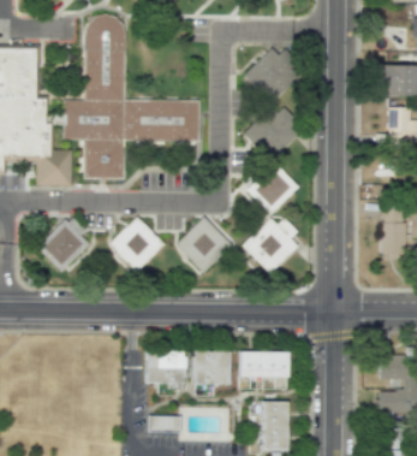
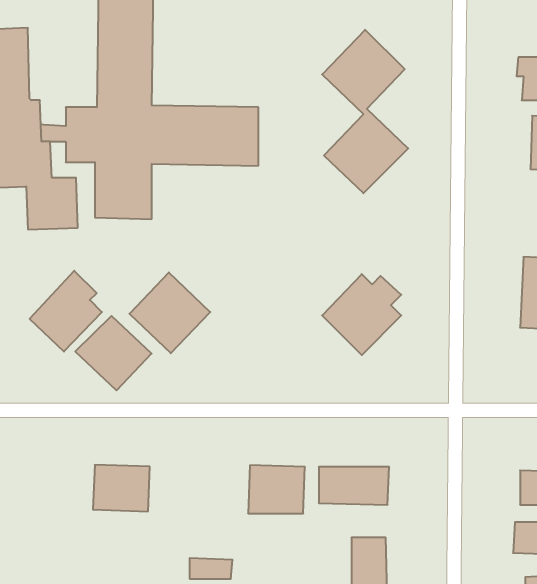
building: [249,165,299,214] -> none
building: [175,218,232,274] -> none
building: none -> [75,316,152,390]
building: [145,351,185,384] -> [93,465,150,511]

